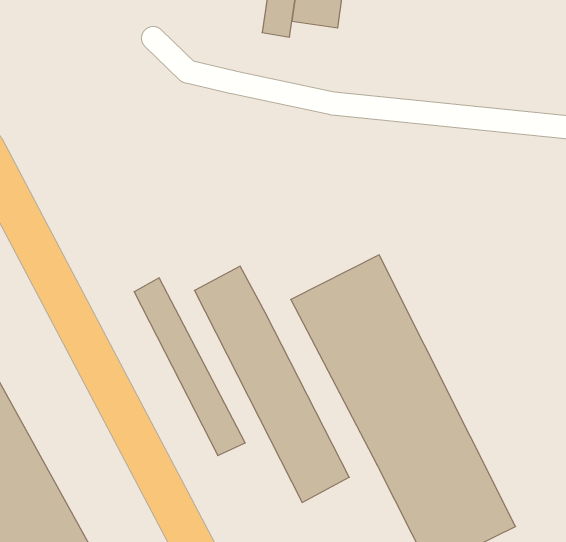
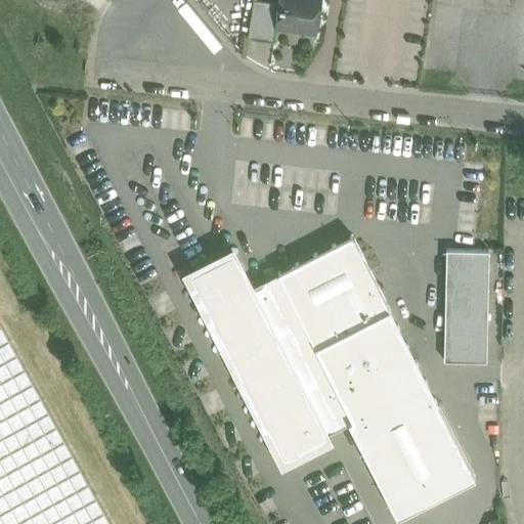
building: none -> [444,256,488,366]
building: [134,278,245,456] -> [252,280,351,439]

